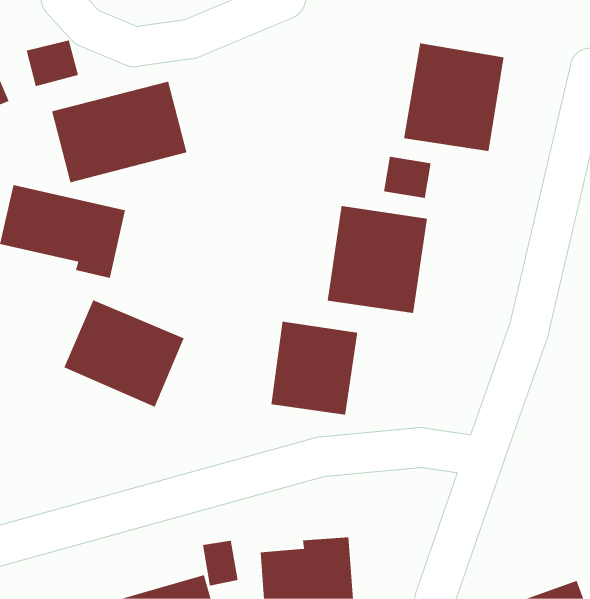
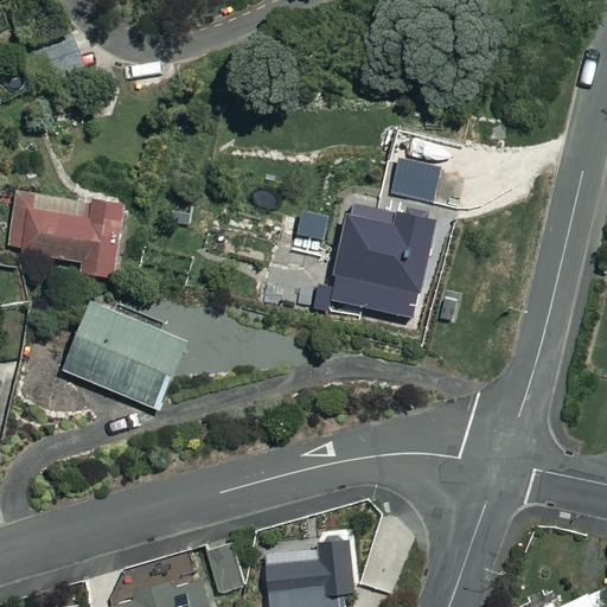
building: [404,43,504,152] -> none
building: [52,81,187,183] -> none
building: [271,321,358,415] -> none

